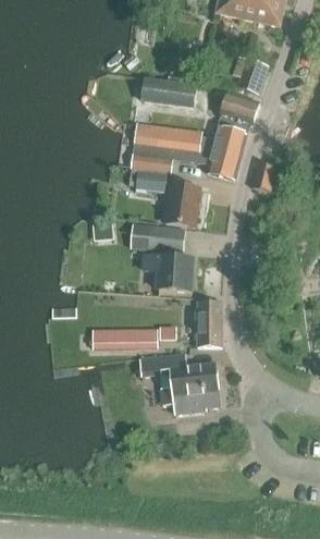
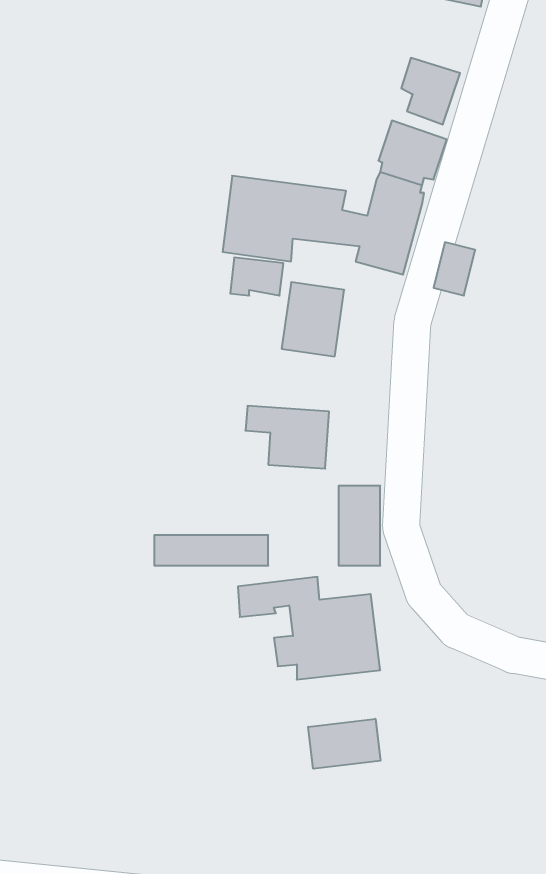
building: [140,79,196,106] -> none
building: [128,223,183,253] -> none
building: none -> [308,719,380,769]

